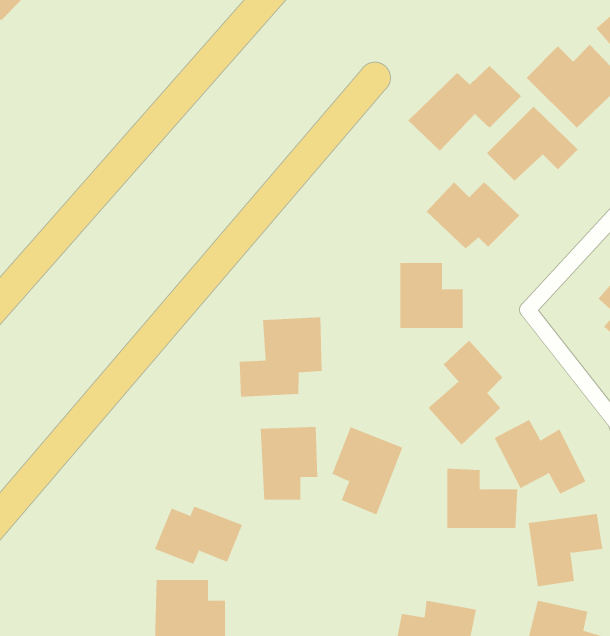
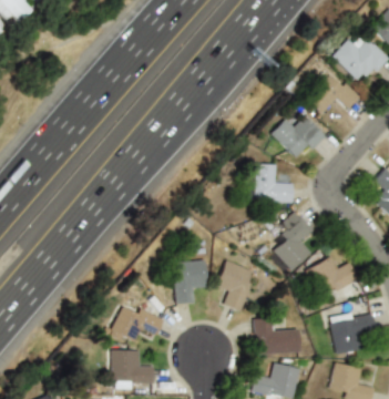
building: [408,65,522,151] -> none
building: [239,316,322,398] -> none
building: [446,468,518,528] -> [255,318,297,354]

